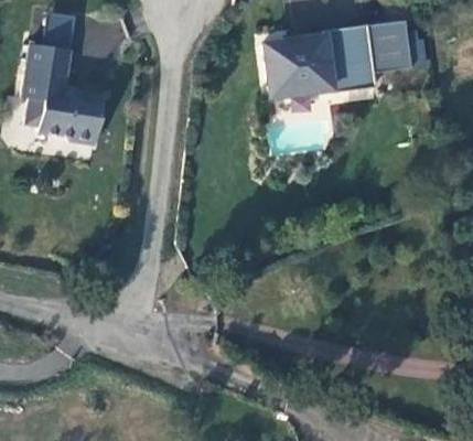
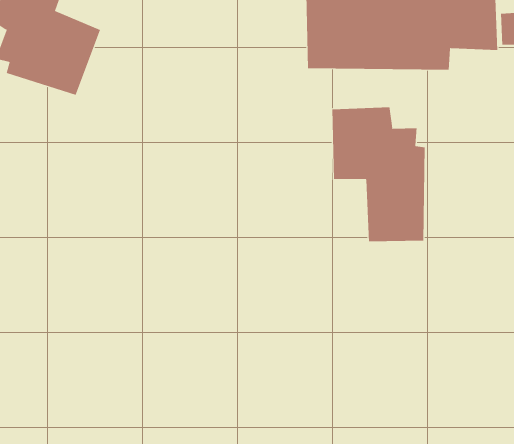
building: none -> [332,107,425,242]

